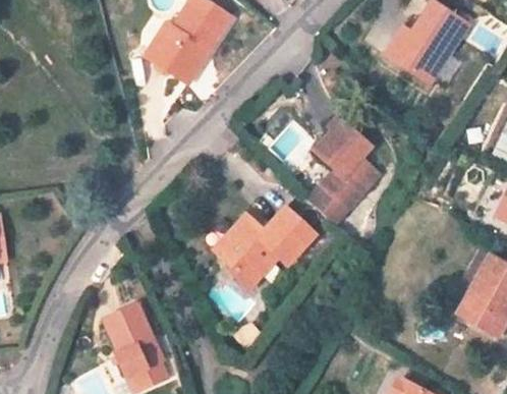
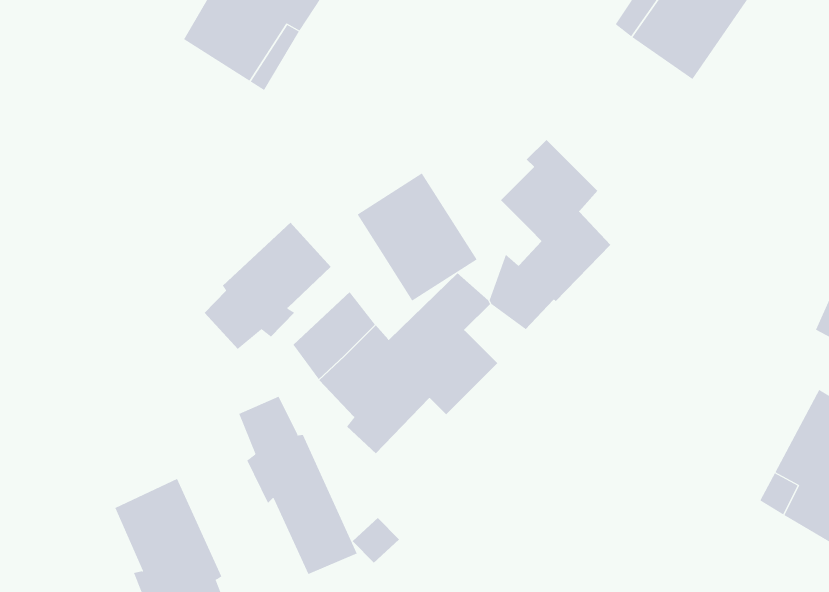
building: none -> [357,173,477,301]
building: none -> [204,222,331,350]
building: none -> [238,396,358,575]

